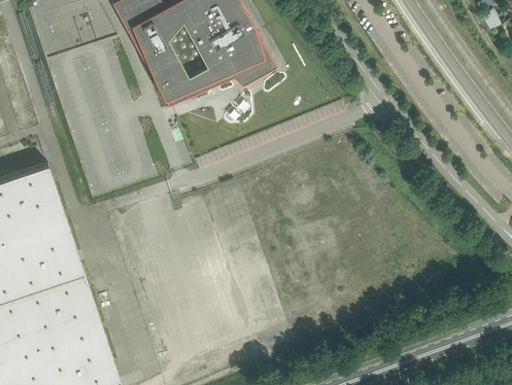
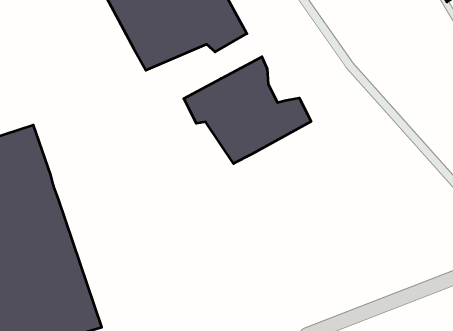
building: none -> [184,57,311,164]

